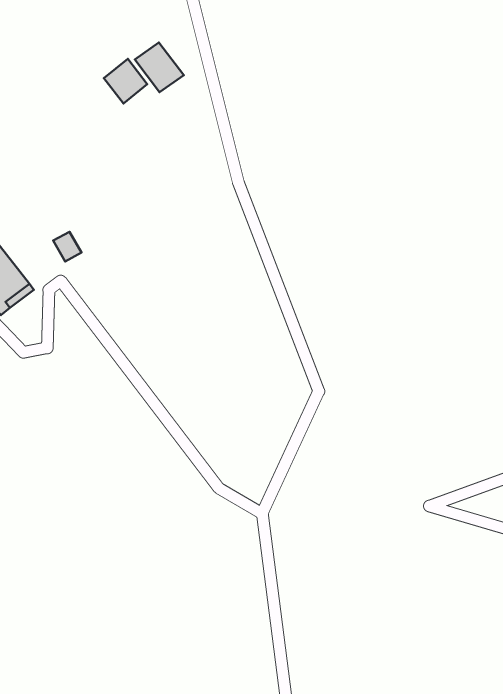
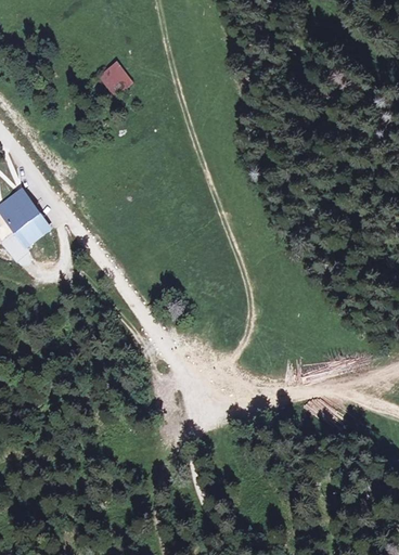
building: [135,43,184,92] -> none

